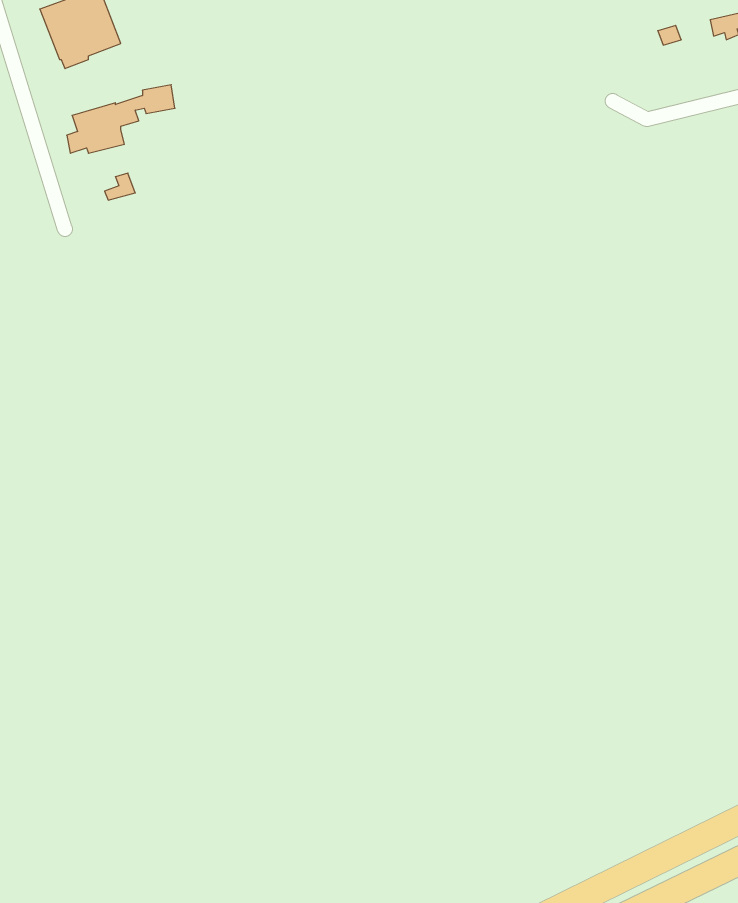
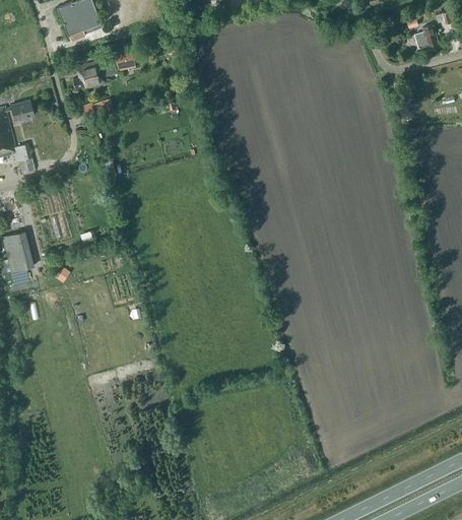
building: none -> [415,25,439,51]

